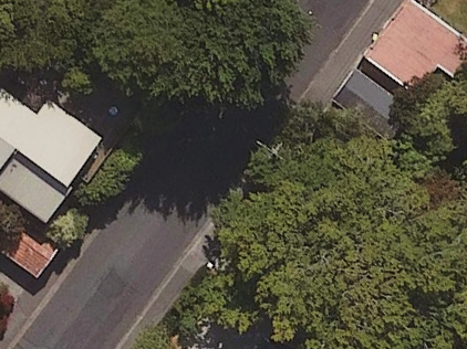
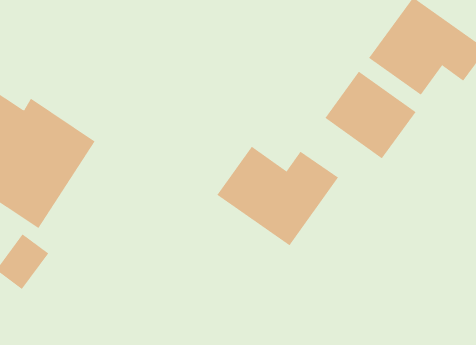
building: none -> [216,146,339,246]

